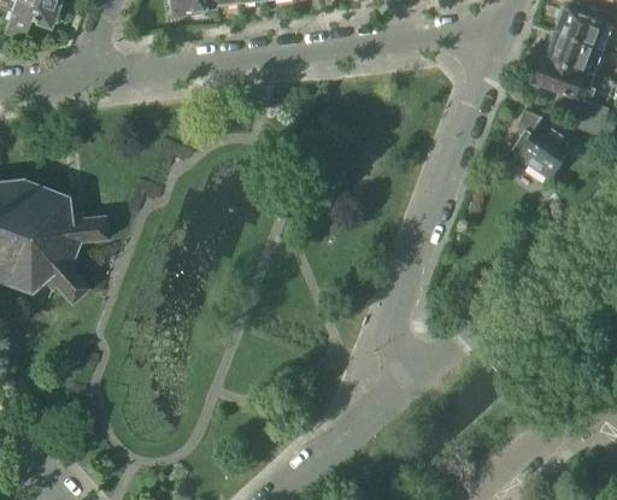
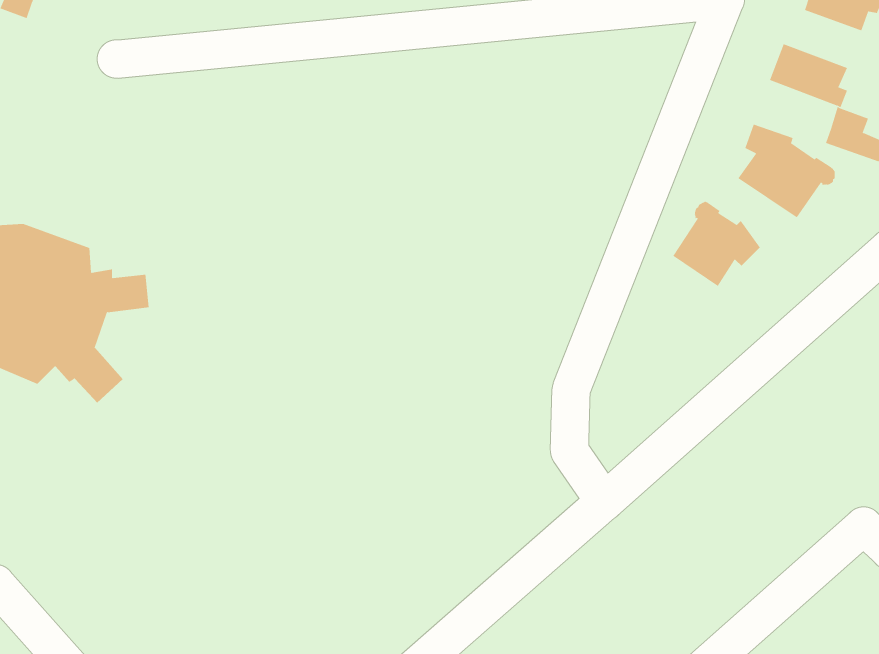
building: [543,35,598,75] -> none
building: none -> [672,201,760,287]

